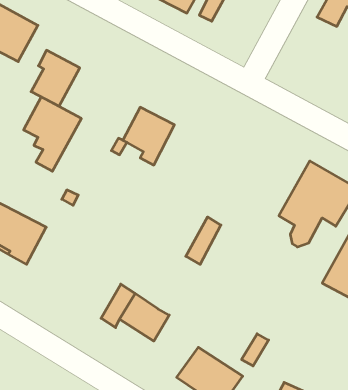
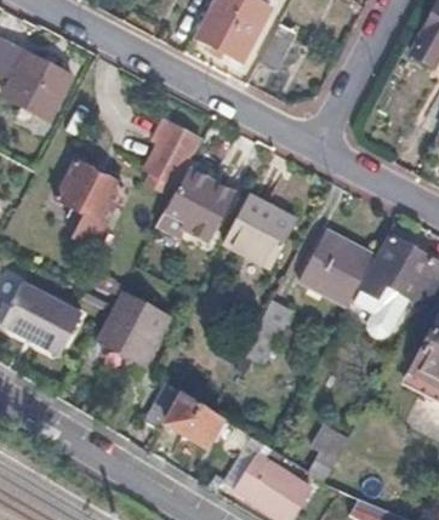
building: [31,50,80,106] -> [144,120,201,185]
building: none -> [223,195,296,268]
building: none -> [301,228,374,303]
building: none -> [96,291,169,364]

